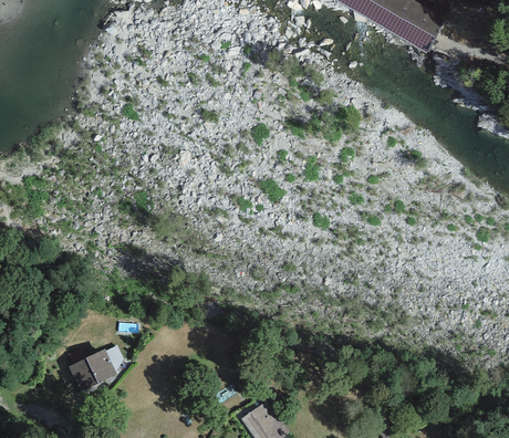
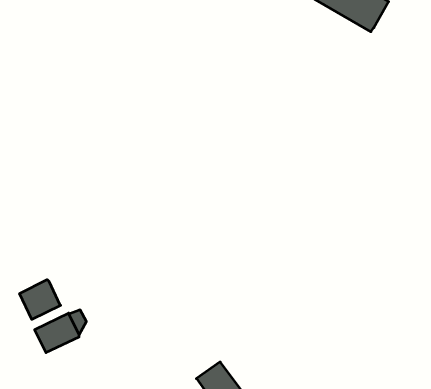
building: none -> [20,280,61,319]

